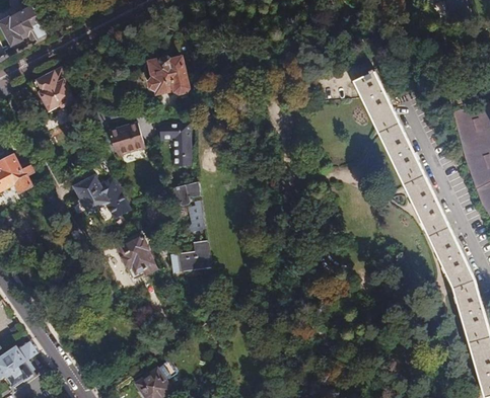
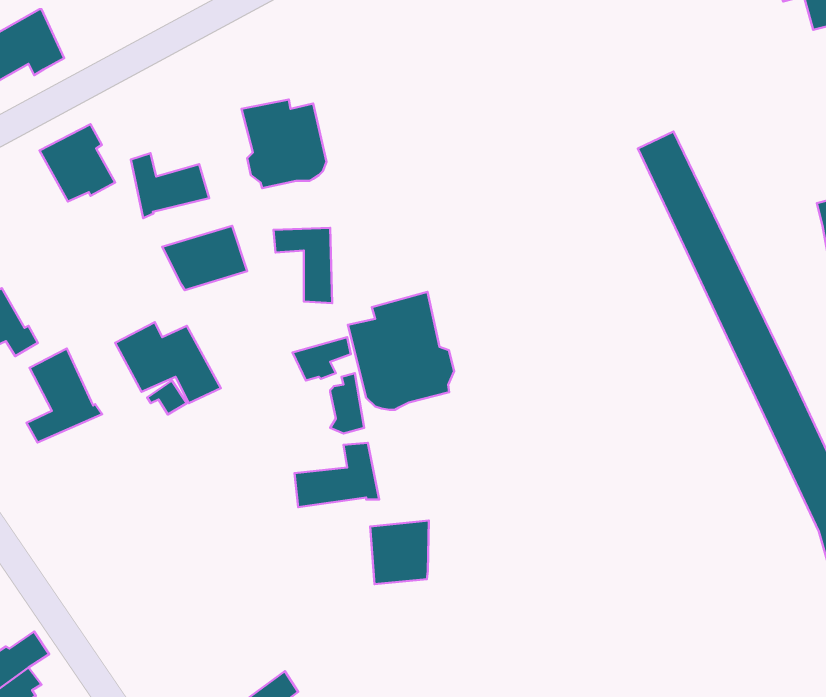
building: none -> [131,153,209,218]
building: none -> [348,292,454,410]
building: none -> [27,348,102,442]
building: [117,231,157,273] -> none
building: none -> [370,520,429,584]

